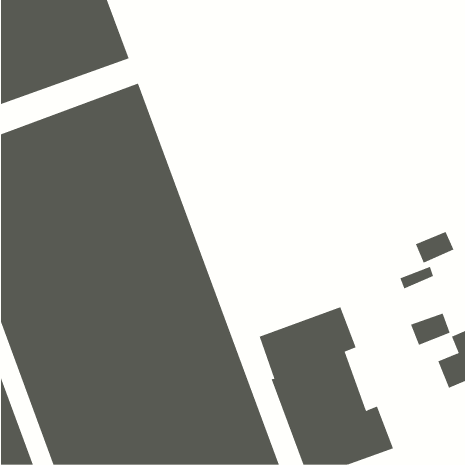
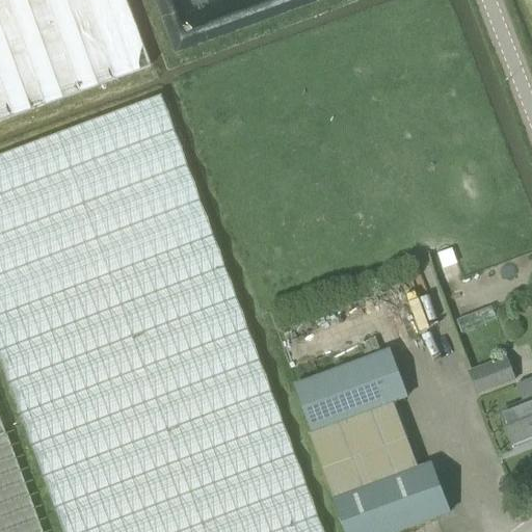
building: [415,231,454,264] -> none

